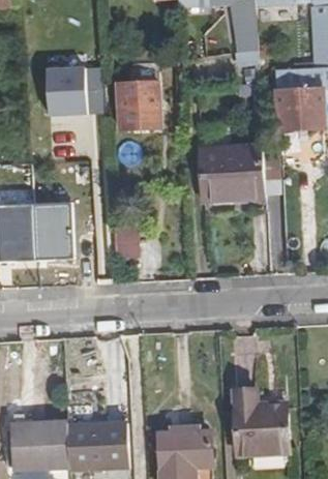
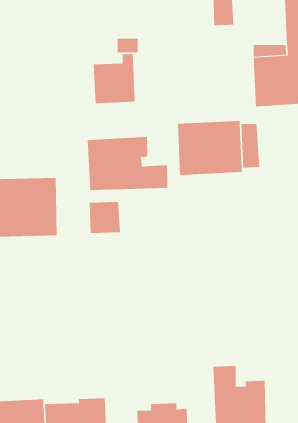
building: [47,61,105,116] -> none
building: none -> [87,136,168,191]

